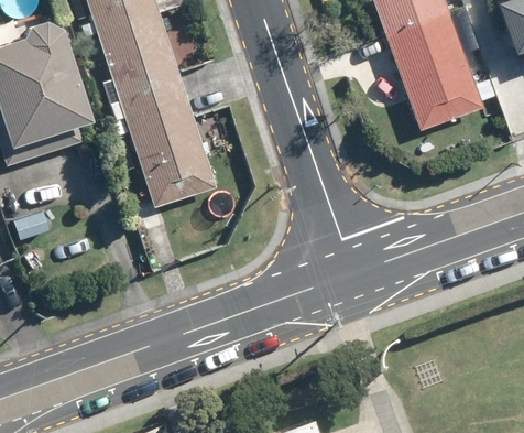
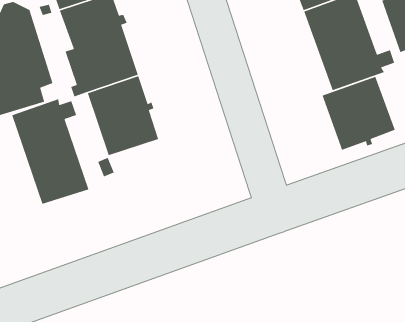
building: none -> [321,76,396,151]
building: none -> [11,98,89,205]

